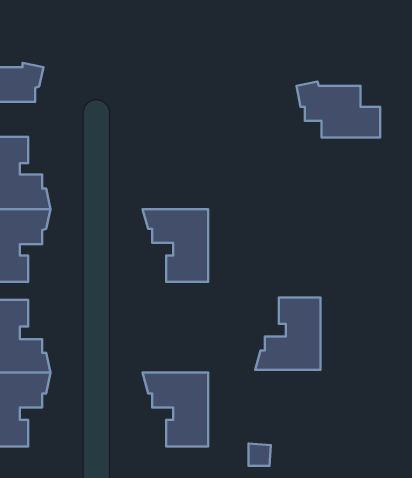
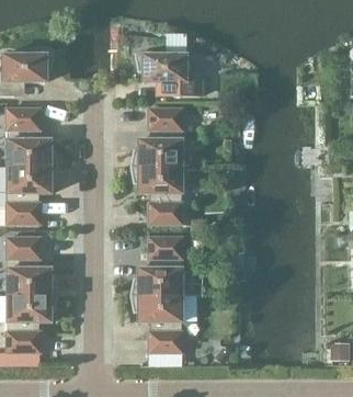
building: [296,82,380,137] -> [136,52,202,95]
building: none -> [130,109,182,167]
building: [255,297,321,370] -> [130,238,182,295]

